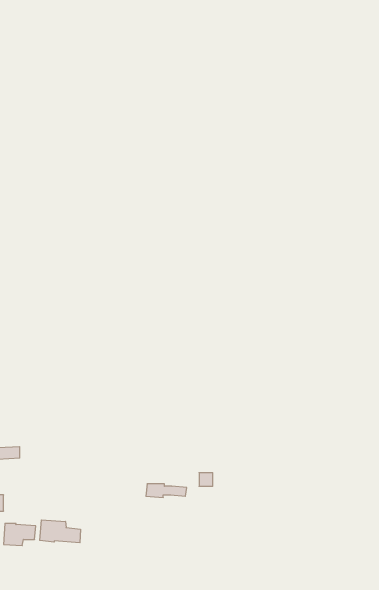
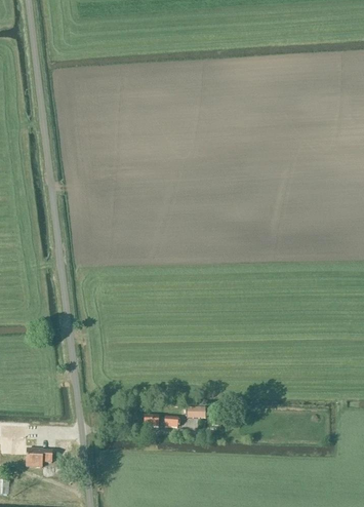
building: [40,520,80,543] -> none

